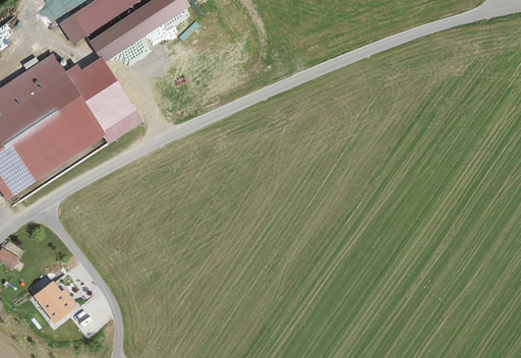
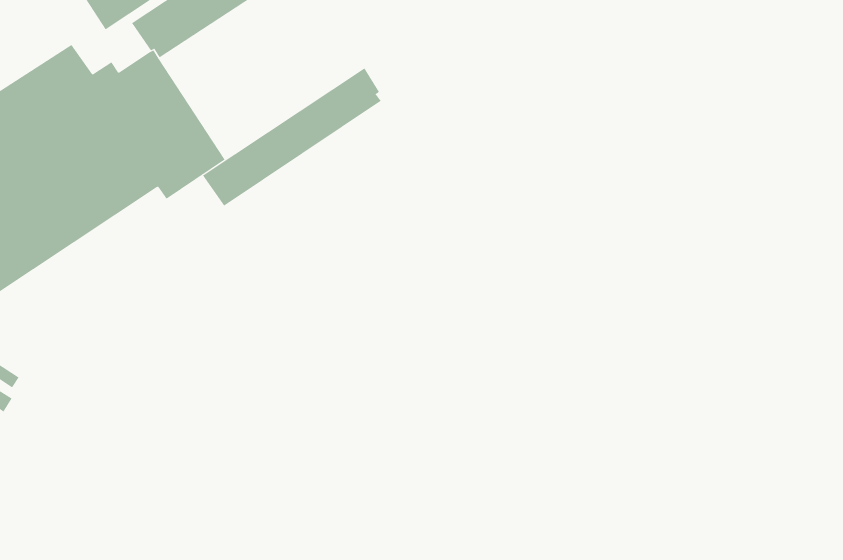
building: none -> [202,68,382,207]
building: [33,278,75,322] -> none

